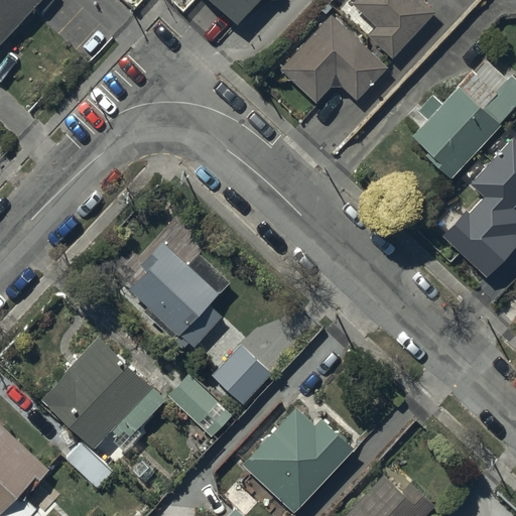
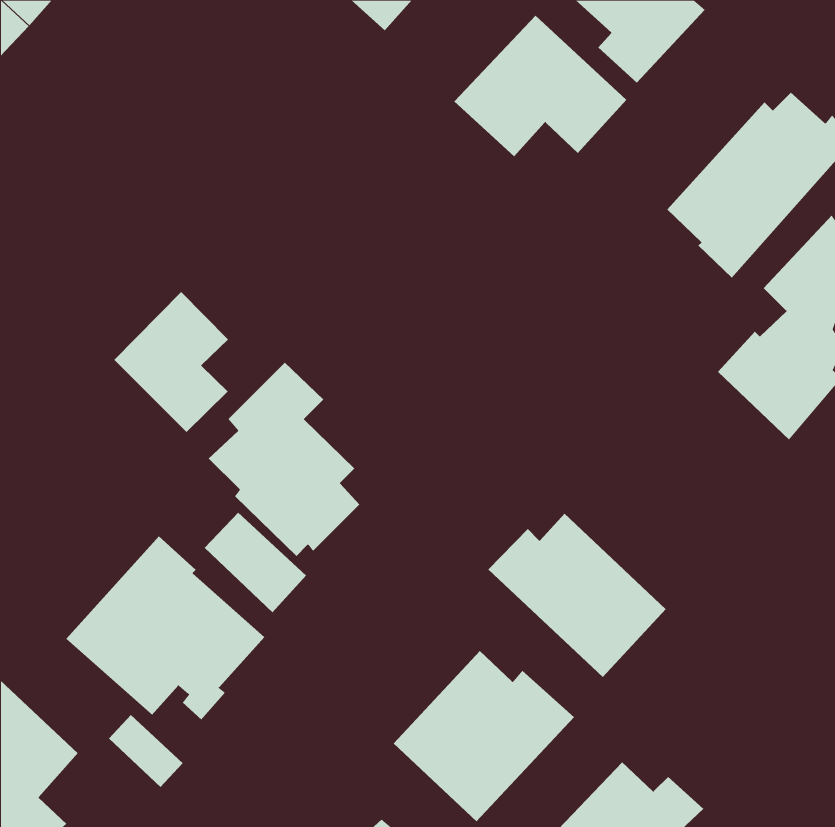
building: none -> [114,291,229,433]
building: none -> [487,513,667,678]
building: [214,345,272,403] -> none
building: [170,376,234,438] -> [204,512,307,613]

